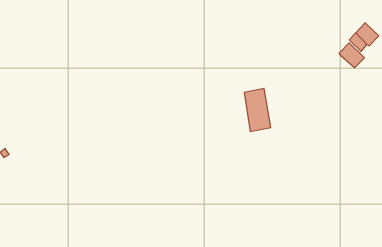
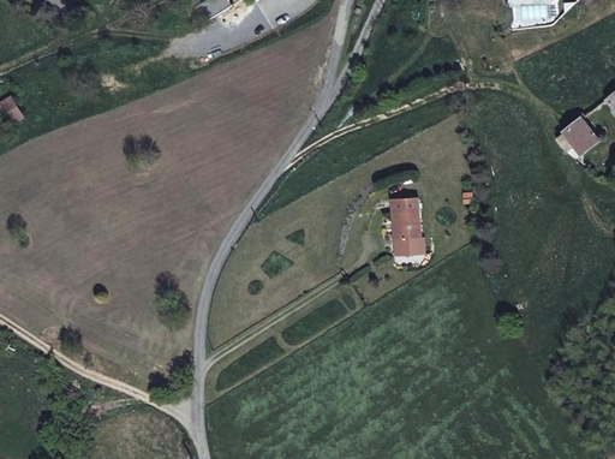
building: [339,43,364,68] -> none

